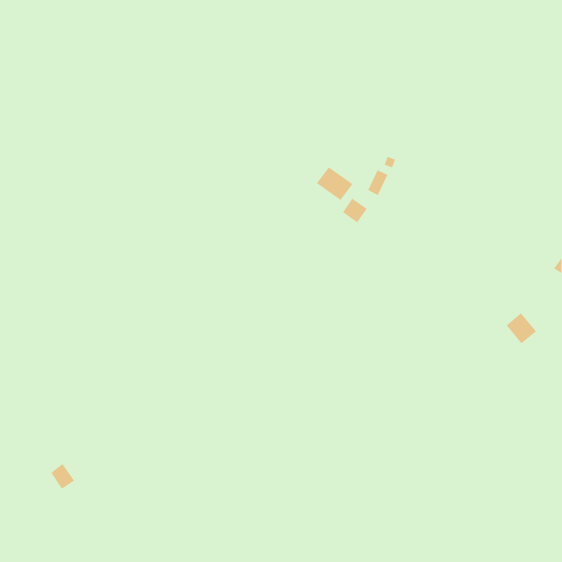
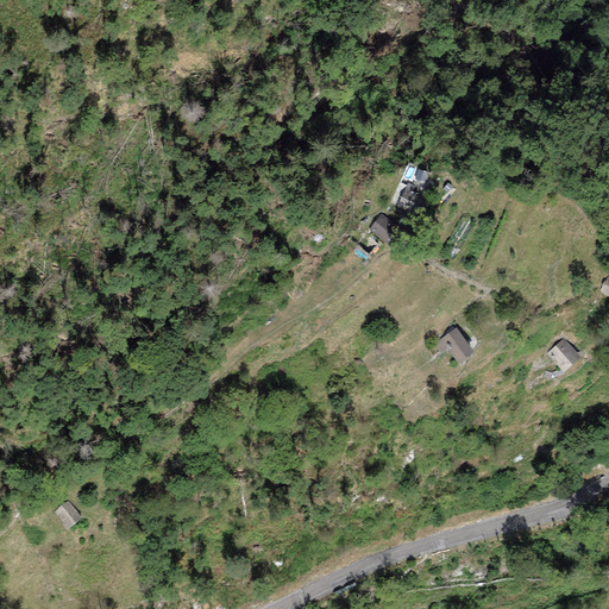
building: [316,167,353,201] -> none
building: none -> [433,328,473,364]

